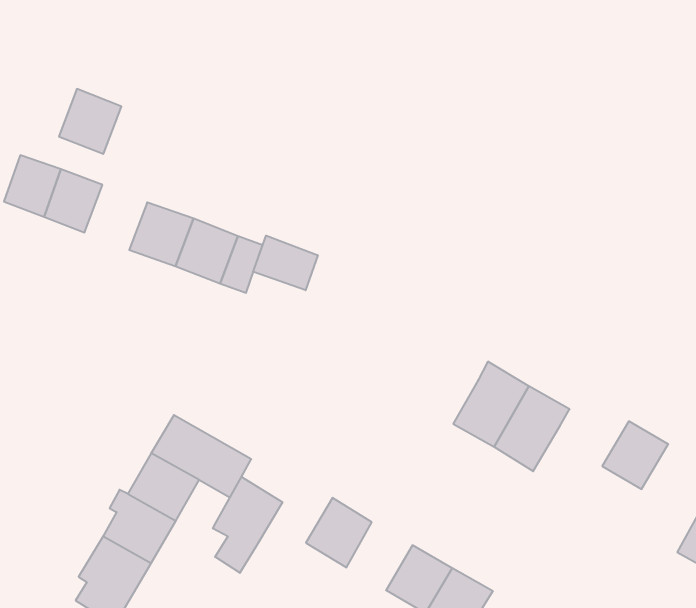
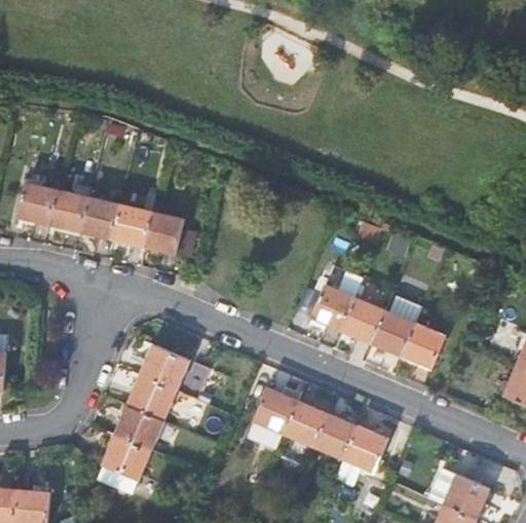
building: [59,89,121,154] -> [77,195,117,237]
building: [253,236,318,290] -> none
building: none -> [314,284,358,329]
building: [602,421,668,489] -> [403,322,446,367]
building: [213,477,282,573] -> none
building: none -> [284,403,327,448]

